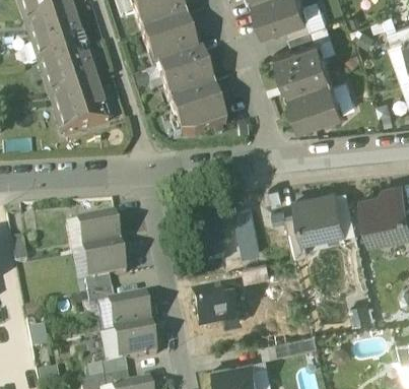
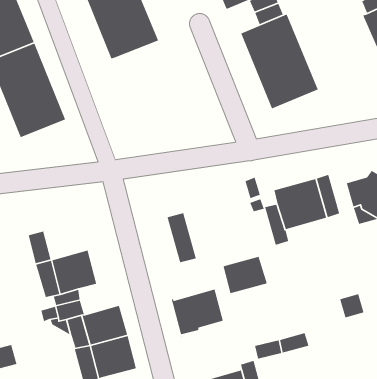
building: [159,56,228,140] -> none
building: [233,210,258,257] -> none
building: [83,218,123,253] -> none

